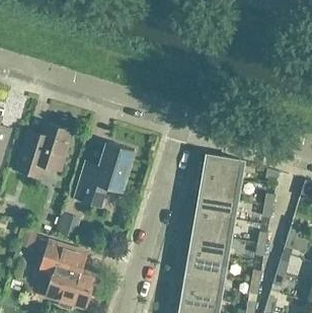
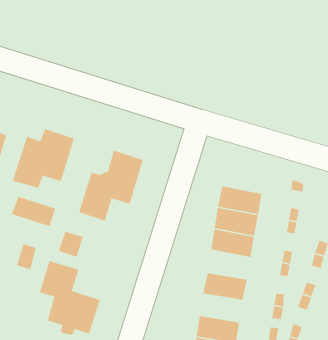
building: [204,154,243,180] -> none
building: none -> [11,196,56,227]
building: [190,231,230,257] -> none
building: [183,270,223,296] -> none

